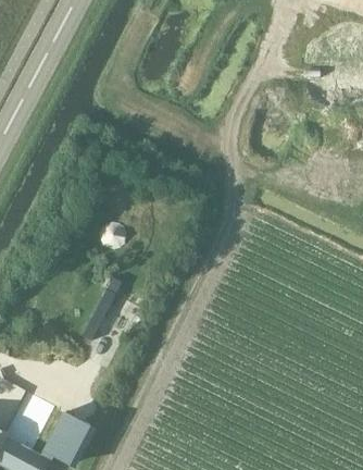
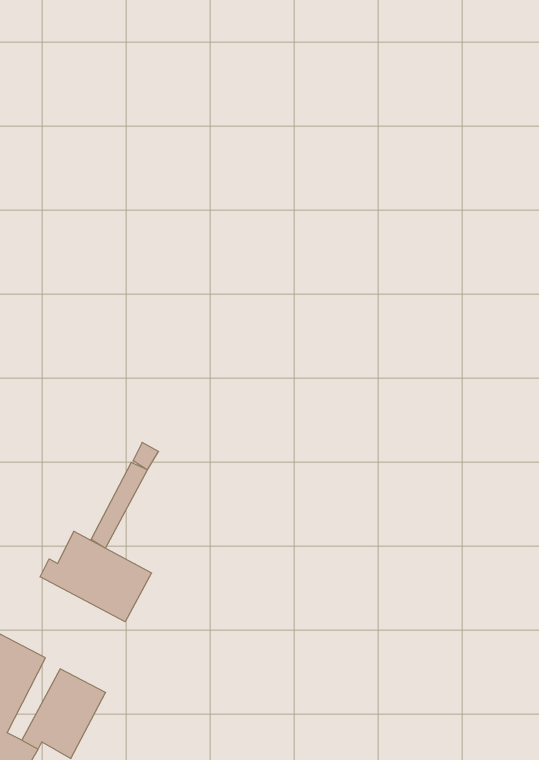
building: none -> [40,531,152,622]

